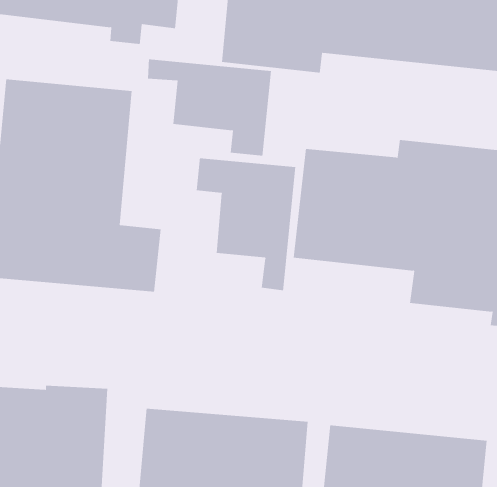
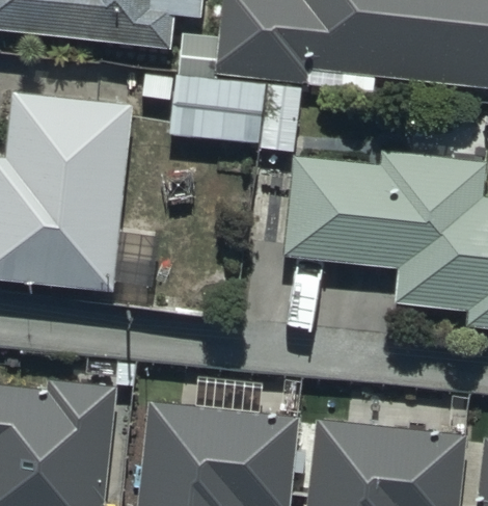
building: [196,158,296,291] -> none

